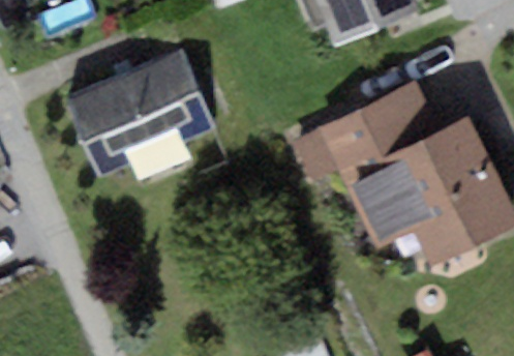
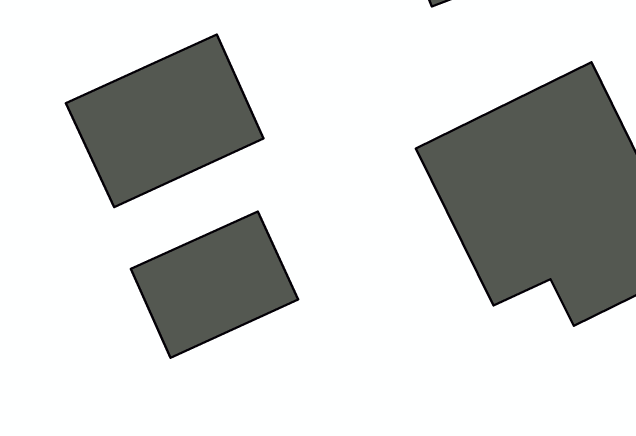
building: none -> [131,212,298,358]

